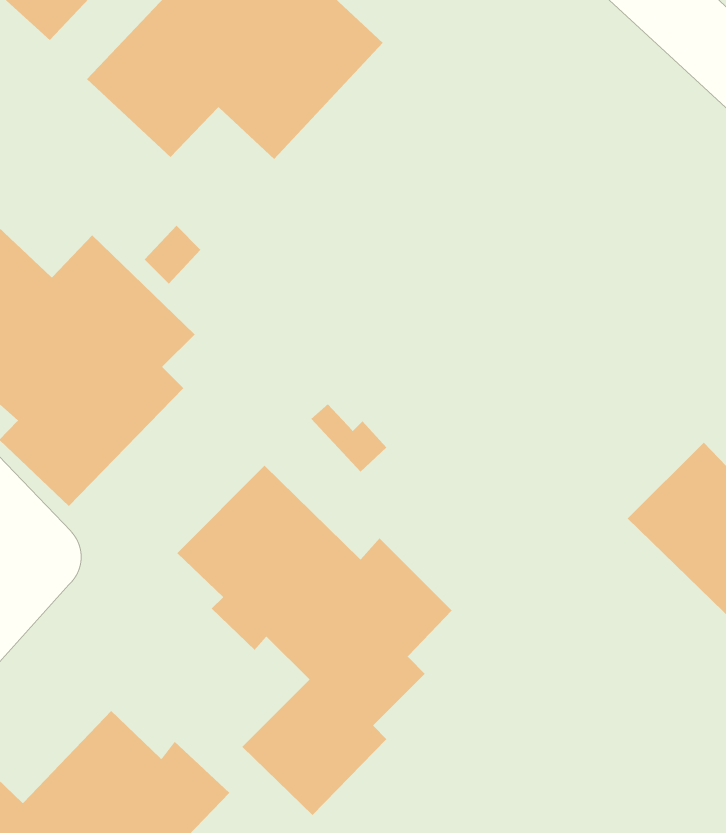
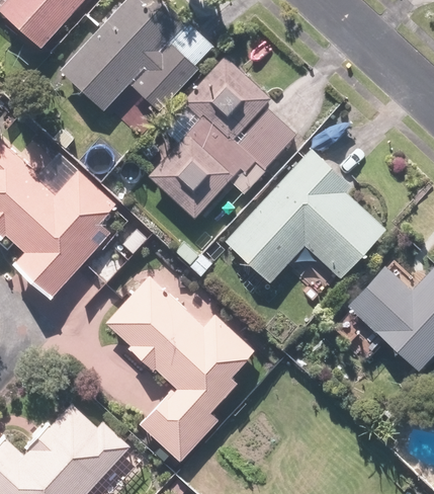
building: none -> [149,56,297,219]
building: none -> [227,149,384,283]

